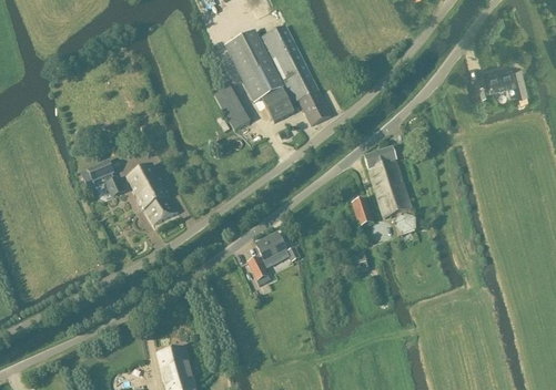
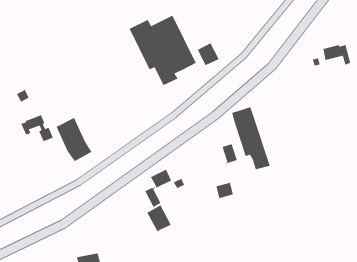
building: [213,86,249,130] -> none
building: [299,91,330,123] -> [197,42,220,66]
building: none -> [146,204,172,232]

